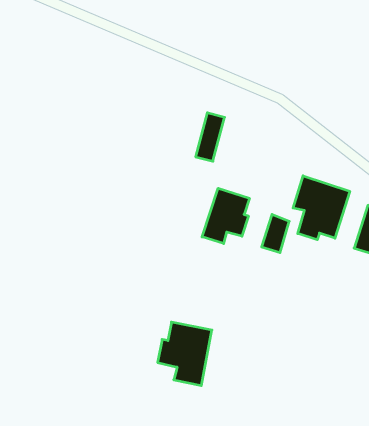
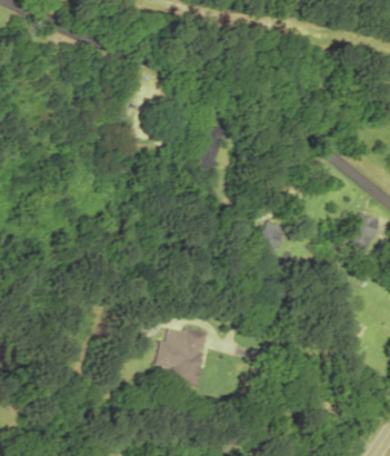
building: [293,176,350,240] -> none
building: [202,188,249,244] -> none

